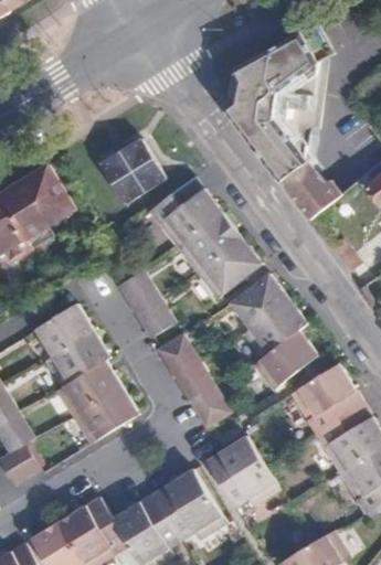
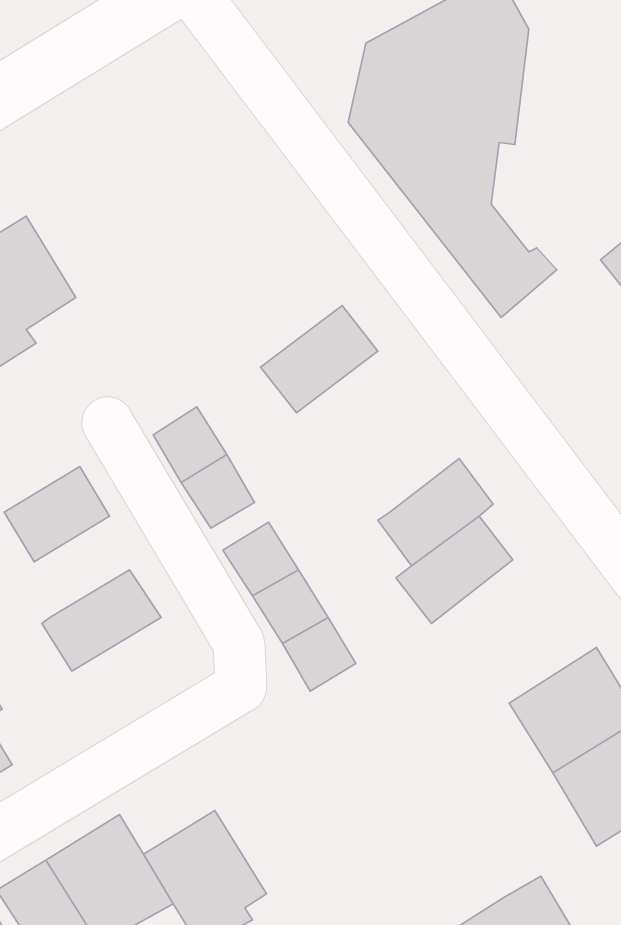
building: [91,143,157,210] -> none
building: [149,175,223,247] -> none
building: [198,238,262,298] -> none
building: [230,273,288,328] -> none
building: [44,330,109,386] -> none
building: [290,363,364,434] -> none
building: [73,386,139,444] -> none
building: [205,435,279,507] -> none
building: [152,468,226,540] -> none

